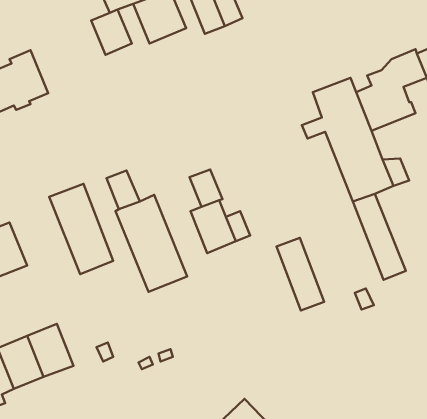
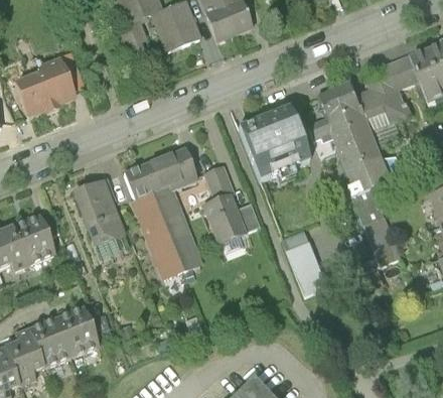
building: none -> [238,108,300,173]
building: none -> [146,149,198,194]

